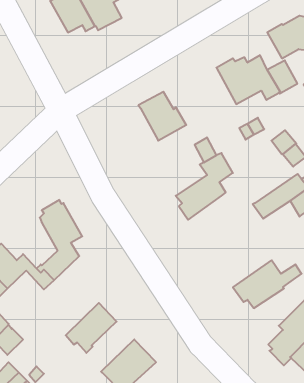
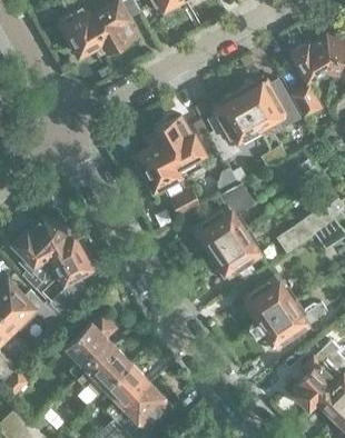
building: none -> [207,92,257,161]
building: none -> [134,136,200,217]
building: none -> [11,219,68,289]
building: none -> [206,226,260,282]
building: none -> [240,277,295,327]
building: none -> [63,315,115,378]
building: none -> [102,364,148,417]

